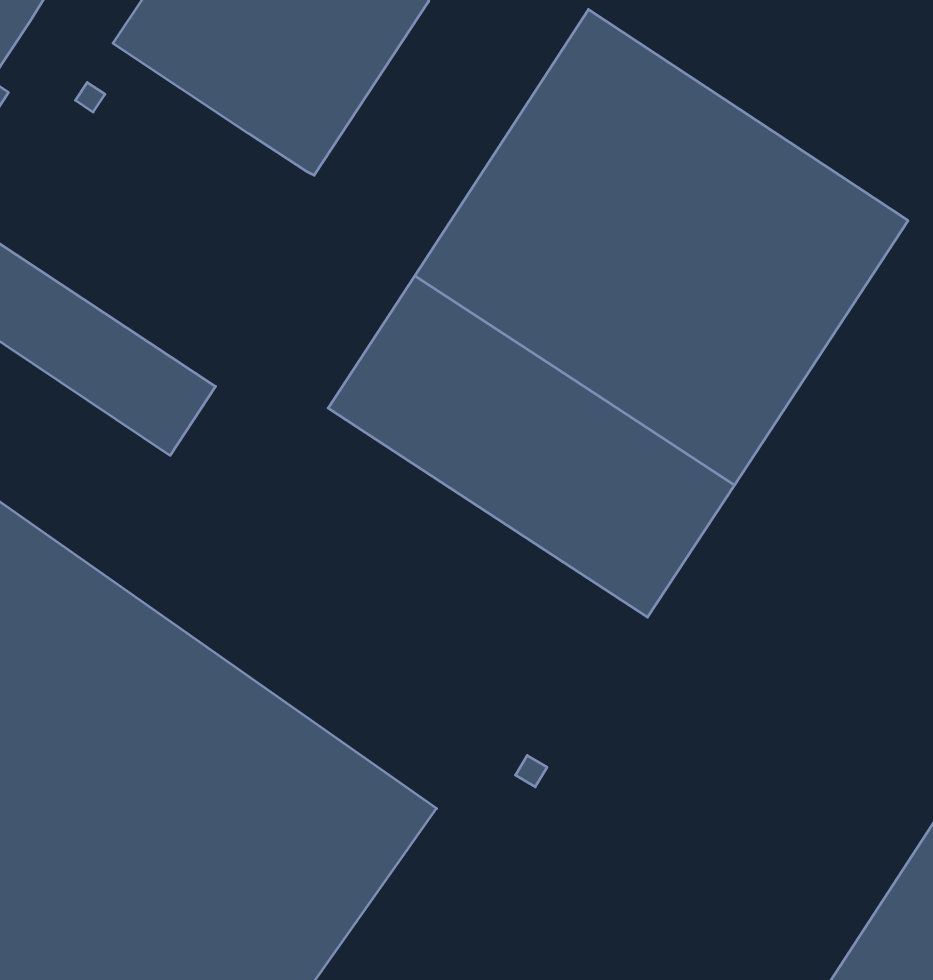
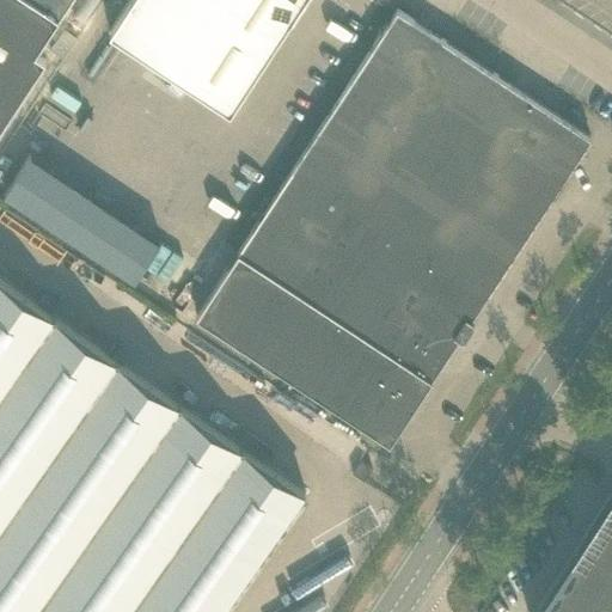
building: none -> [195,258,432,449]

